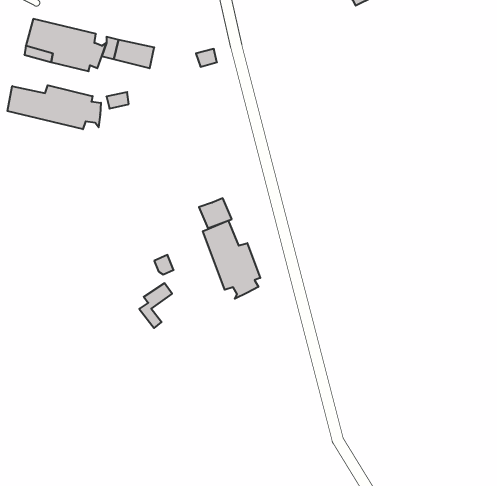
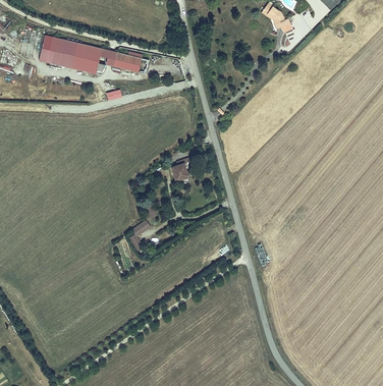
building: [7,85,101,129] -> none
building: [203,221,260,299] -> none

